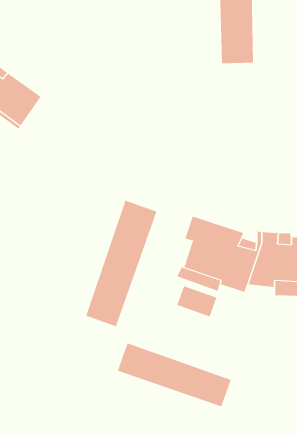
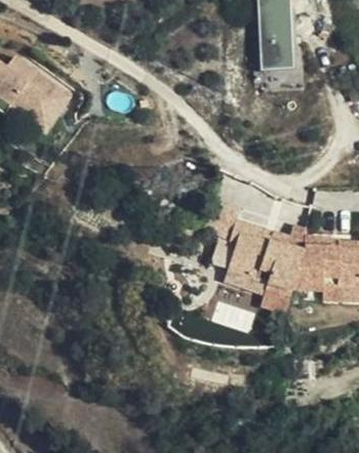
building: [85,200,157,327] -> none
building: [117,343,232,407] -> none

